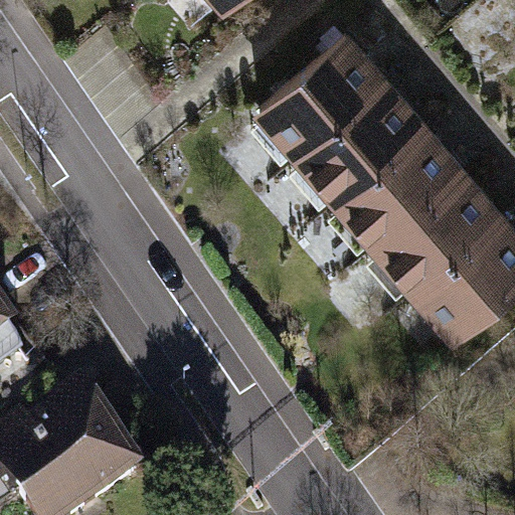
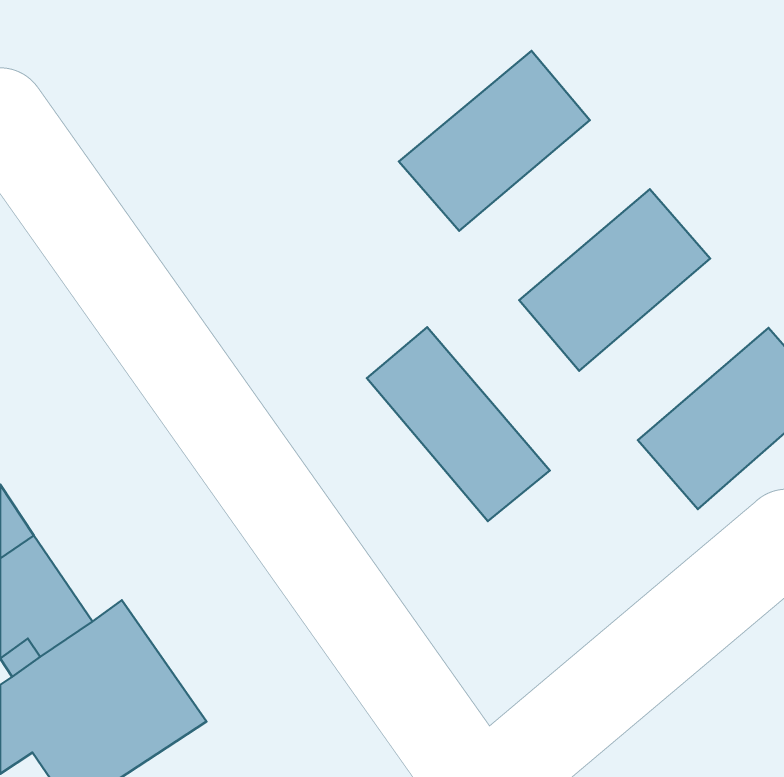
building: [302,84,426,202] -> none
building: [380,175,504,294] -> none
building: none -> [367,327,550,521]

